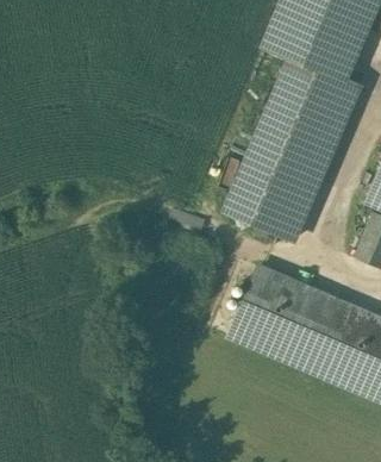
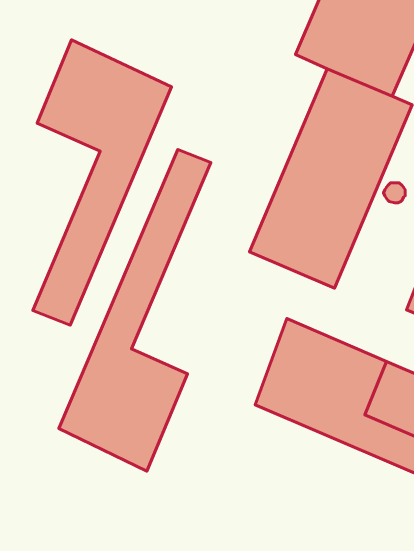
building: none -> [33,40,172,325]
building: none -> [59,150,211,471]

